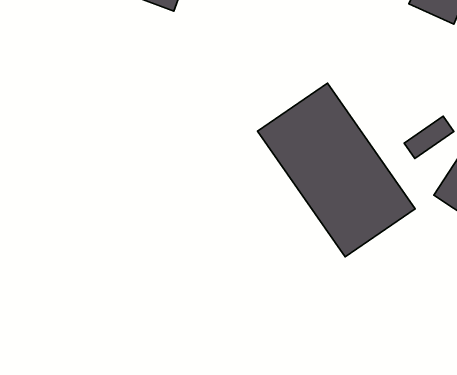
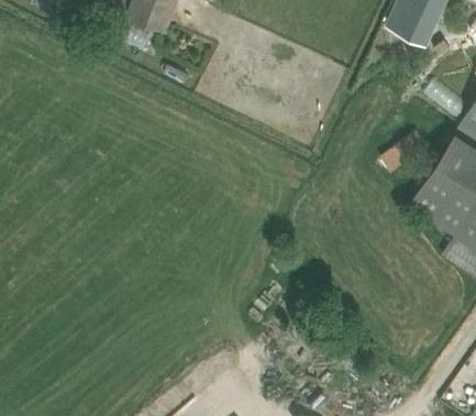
building: [258,83,415,257] -> none

